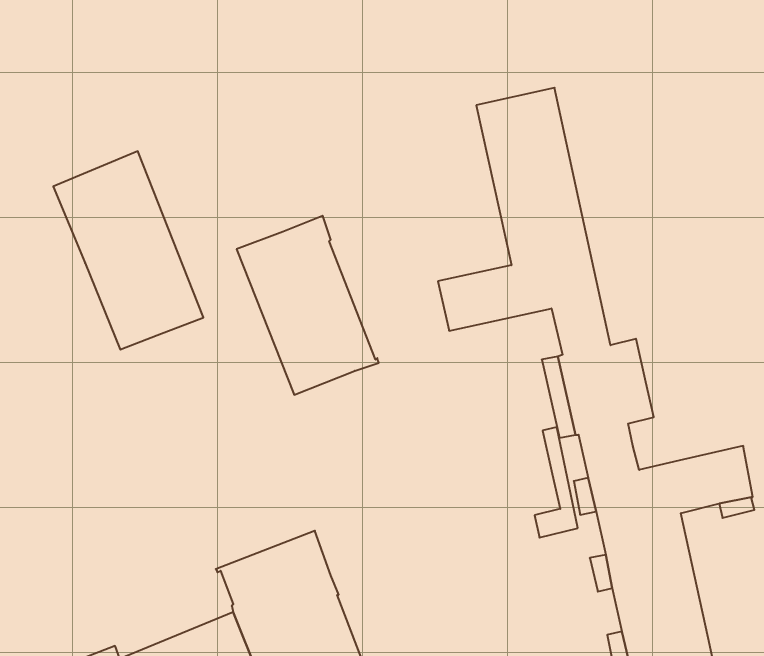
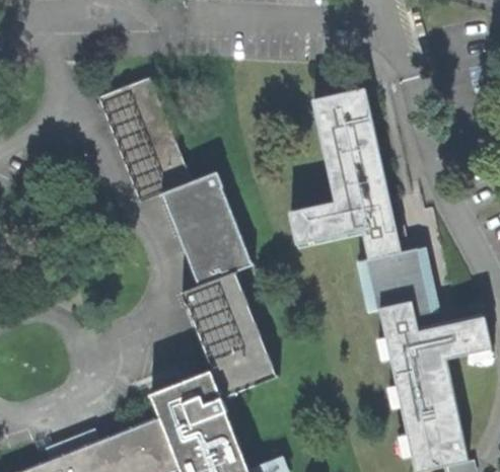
building: [53,151,203,350] -> [96,76,192,202]
building: none -> [180,269,279,399]
building: [535,427,578,538] -> [411,247,438,317]

